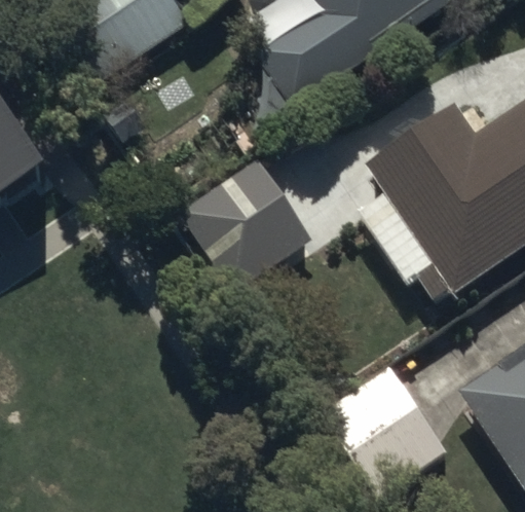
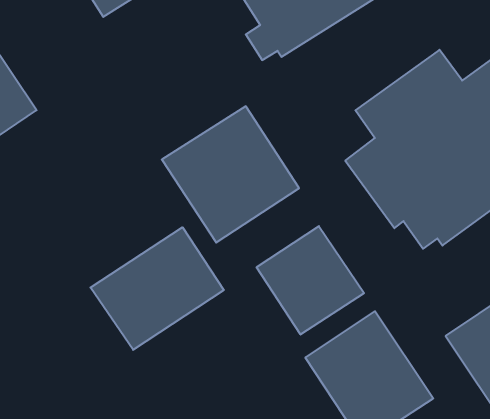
building: none -> [257,226,364,335]
building: none -> [90,227,224,350]

